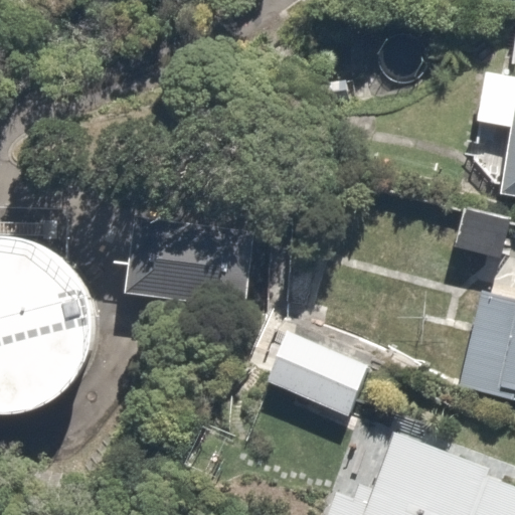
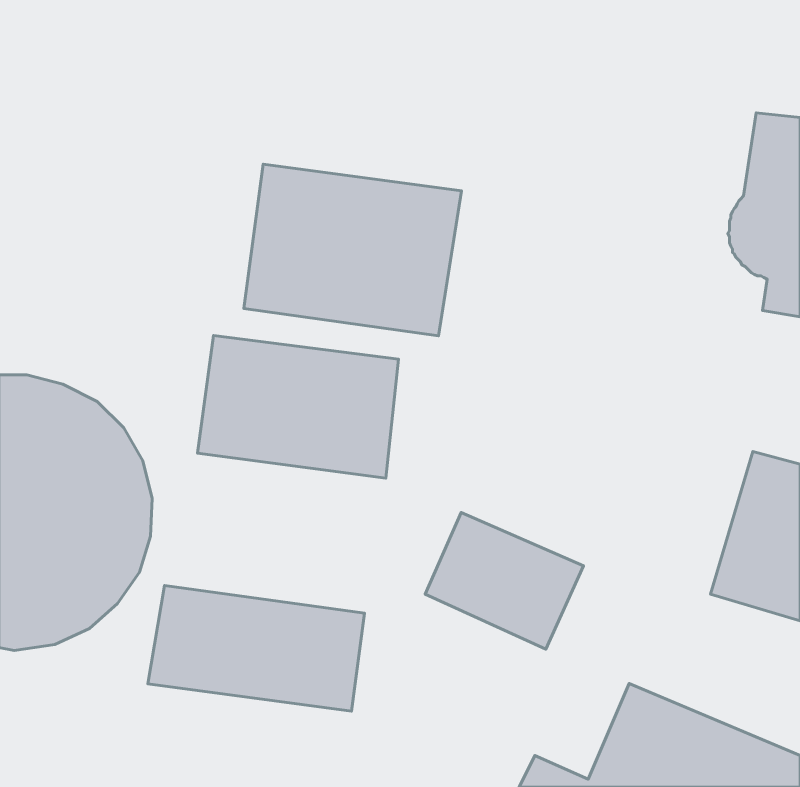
building: none -> [244,164,461,336]
building: none -> [148,585,365,711]

